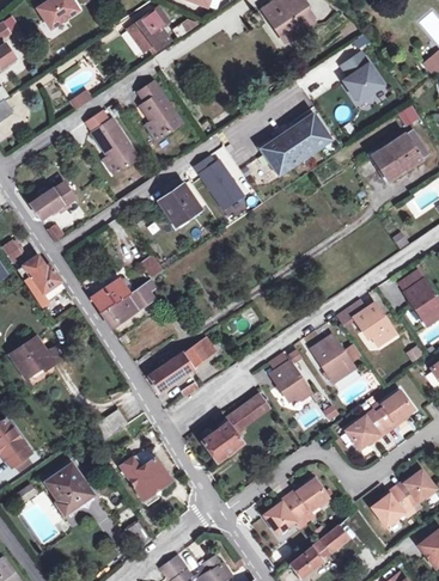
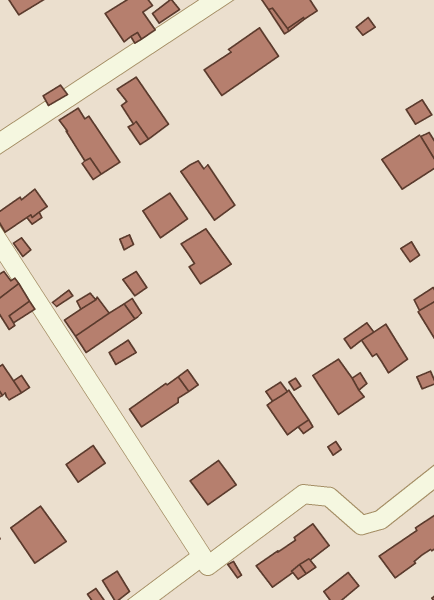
building: [342,53,384,102] -> none
building: [264,115,330,175] -> [204,28,279,95]
building: none -> [181,229,231,284]
building: [343,390,413,448] -> none
building: [225,392,270,432] -> none
building: [118,455,169,506] -> none

